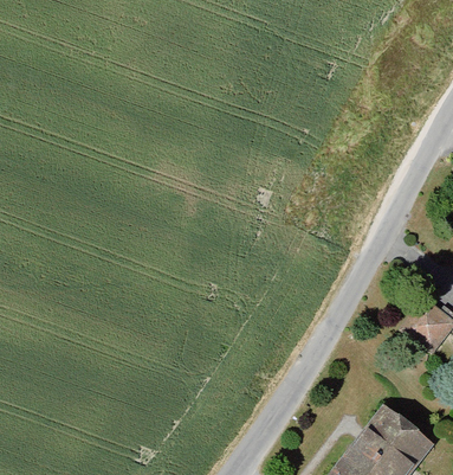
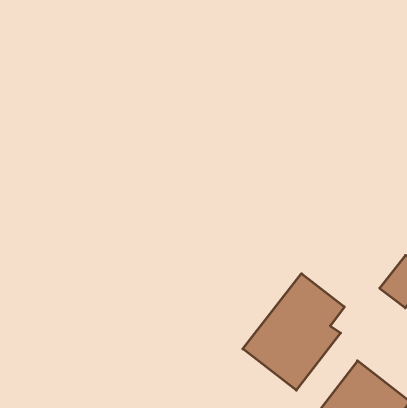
building: none -> [243,274,344,390]

